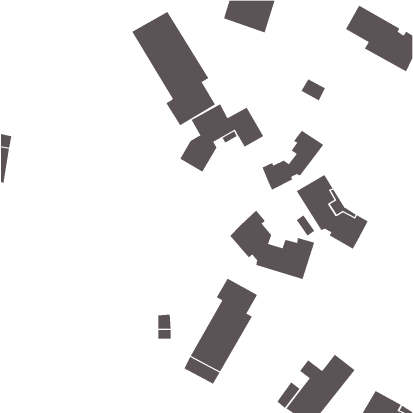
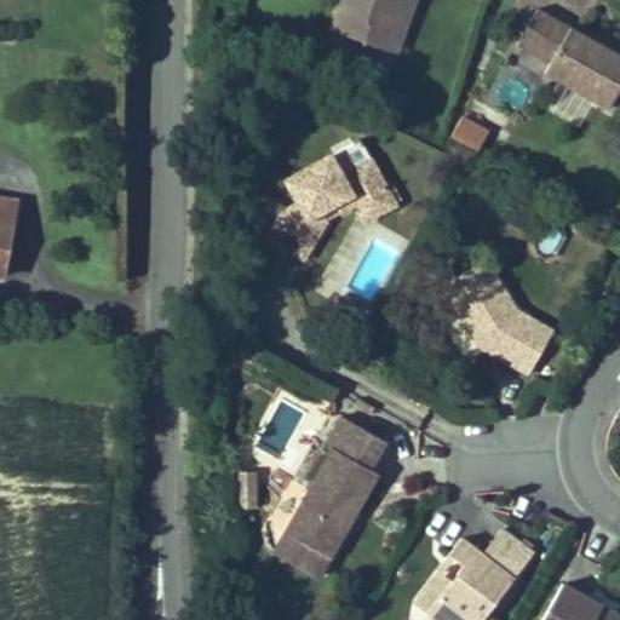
building: [131,11,216,126] -> none
building: [262,130,324,191] -> none
building: [229,210,315,280] -> none

